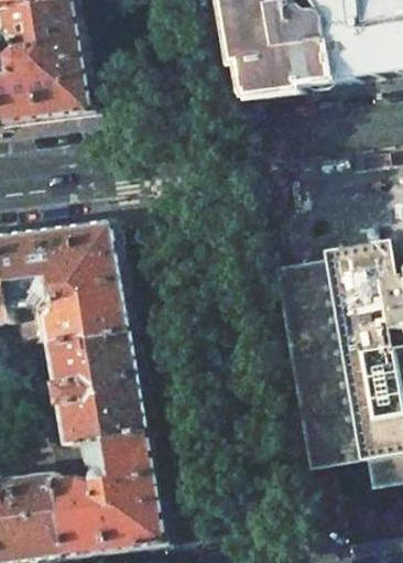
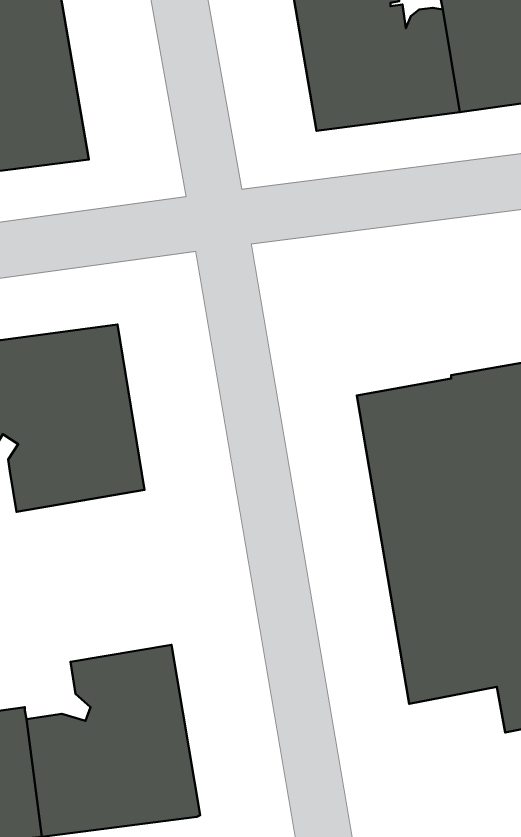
building: [44,328,145,444] -> none

